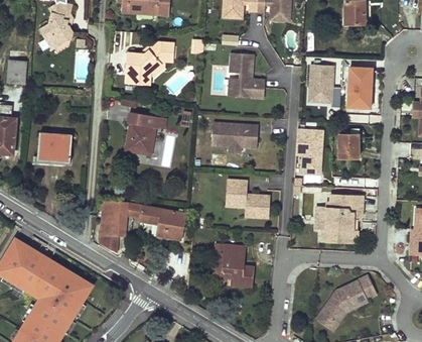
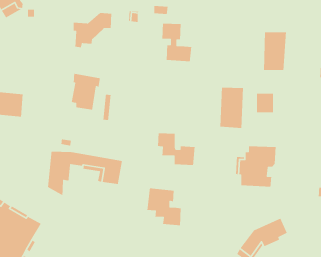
building: [306,62,340,106] -> none
building: [212,122,258,153] -> none

